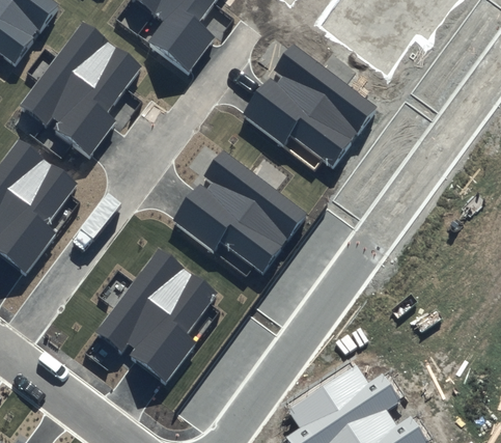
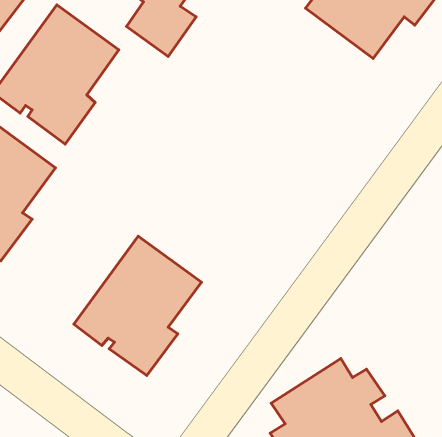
building: [242,45,377,168] -> none
building: [172,149,307,273] -> none

